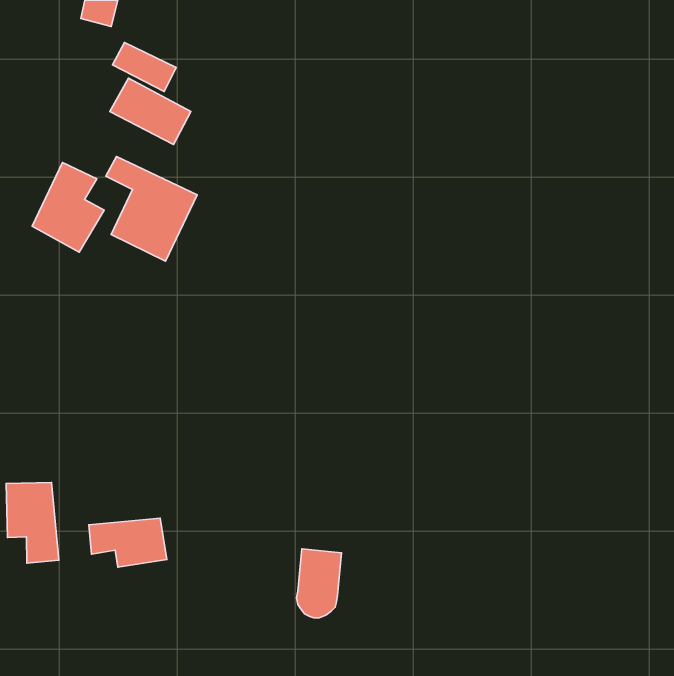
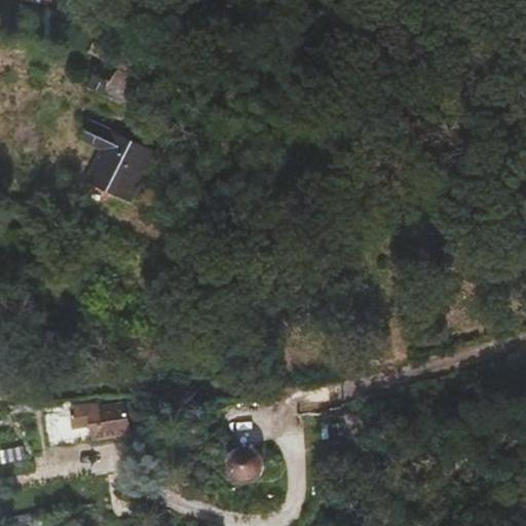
building: [32,163,104,252] -> none
building: [6,483,59,563] -> none

